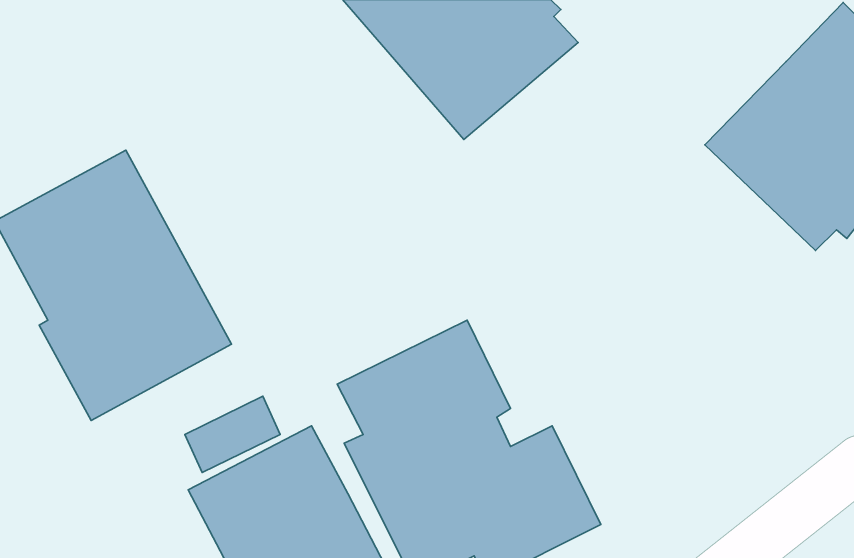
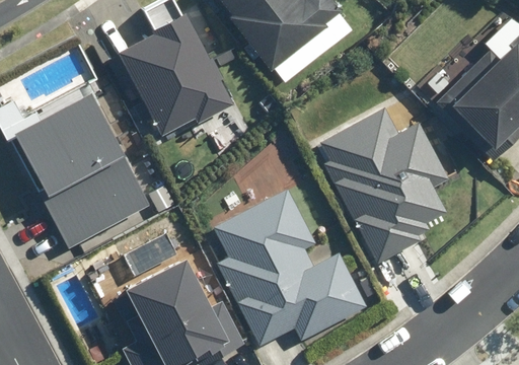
building: none -> [119,14,233,135]
building: none -> [319,106,450,267]

